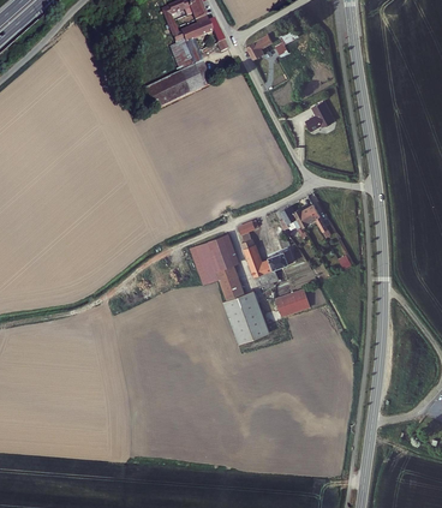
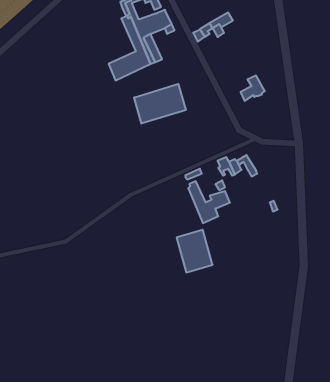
building: none -> [134,84,186,124]
building: [189,233,246,298] -> none
building: [275,286,310,313] -> none

